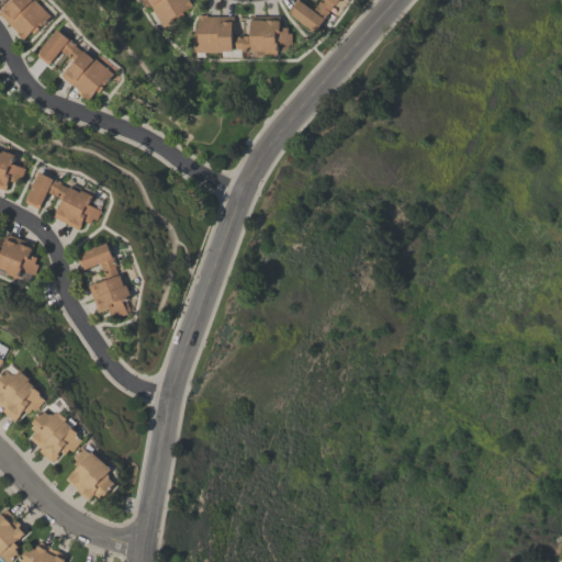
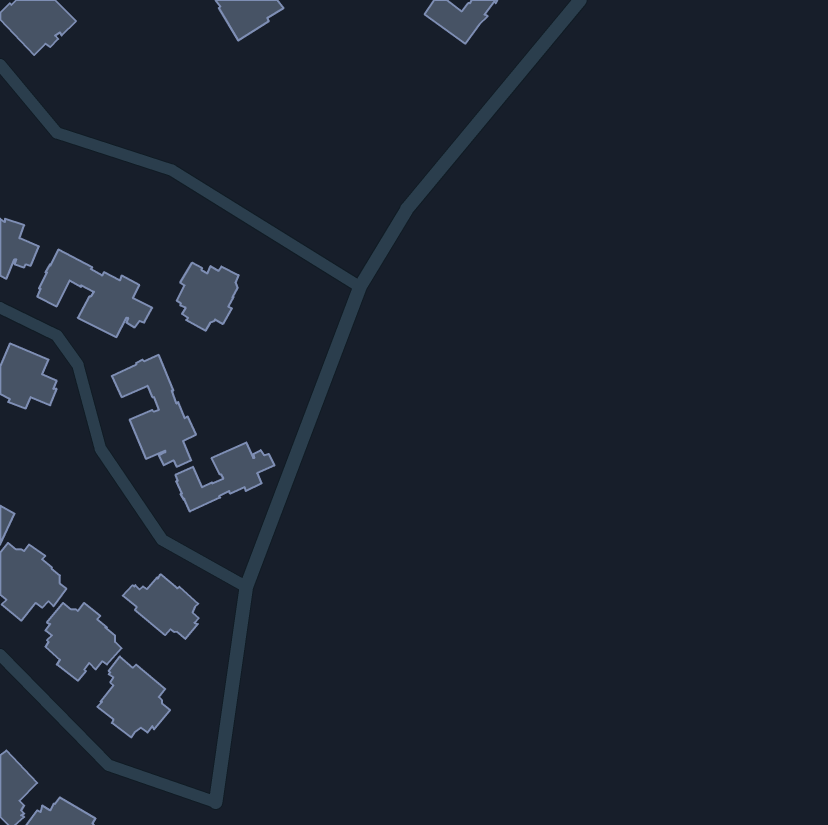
building: [193,16,291,54] -> none
building: [36,29,114,101] -> none
building: none -> [177,263,239,331]
building: none -> [176,442,274,512]
building: none -> [123,574,199,639]

